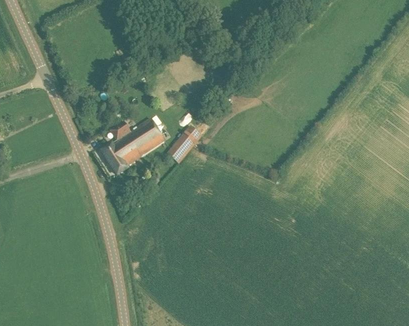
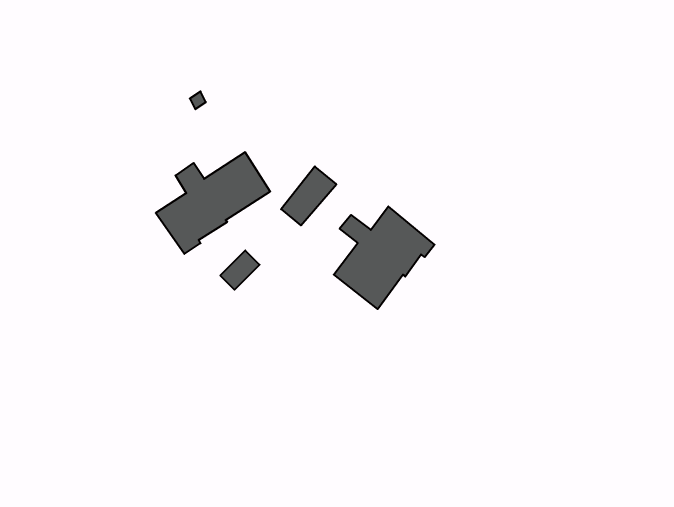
building: none -> [334,206,435,309]

